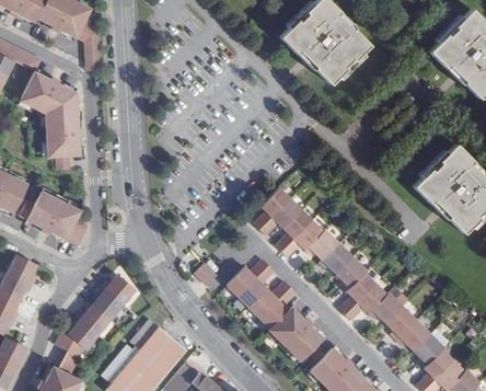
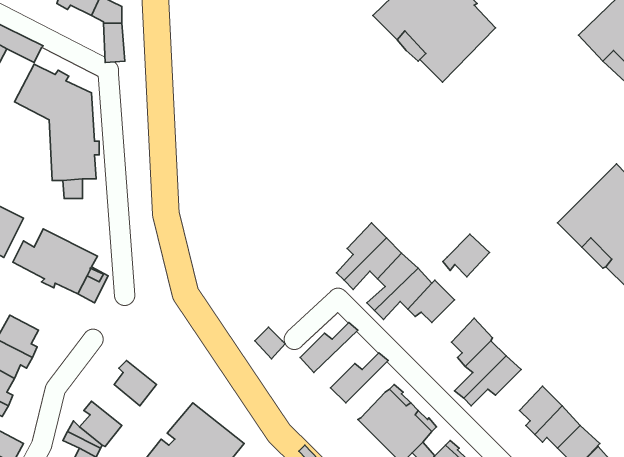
building: [320,243,354,274] -> [443,234,490,277]
building: [238,265,275,307] -> none
building: [102,274,137,304] -> none
building: [261,287,297,329] -> none
building: [369,292,403,323] -> none
building: [77,304,112,334] -> none

